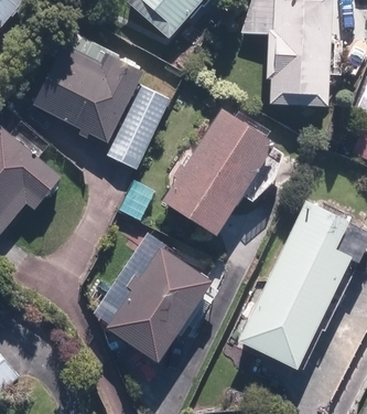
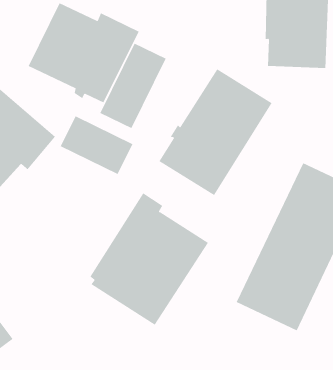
building: none -> [60,115,133,175]

